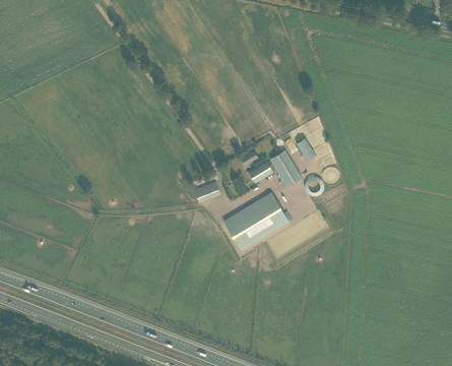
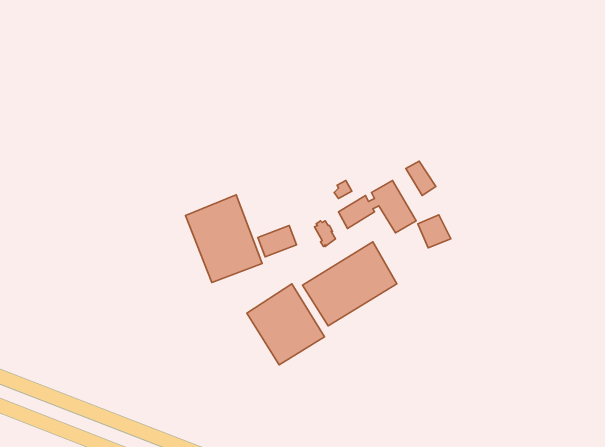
building: none -> [186,195,262,282]
building: none -> [247,284,325,365]

